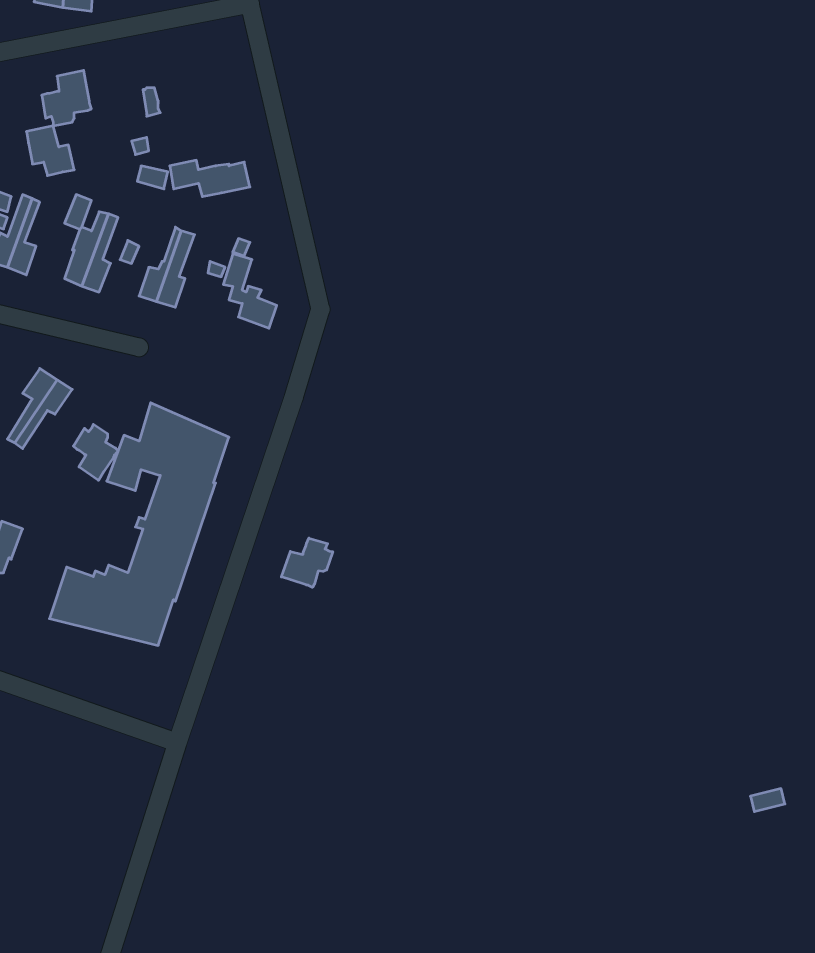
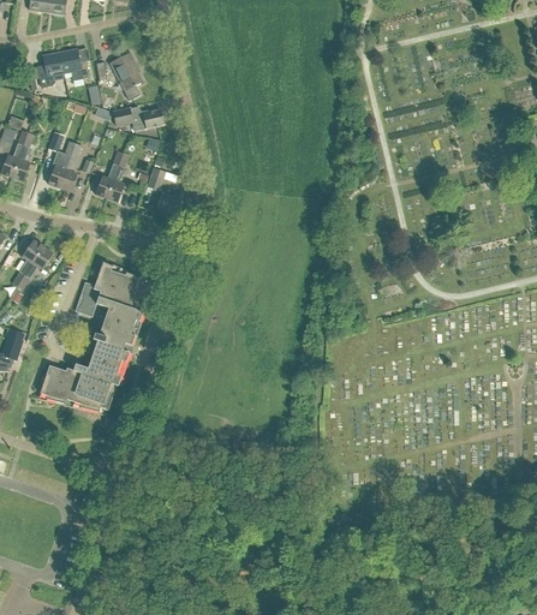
building: none -> [111,52,143,100]
building: [26,126,74,176] -> [60,48,90,79]
building: [73,424,118,480] -> none
building: [281,538,333,587] -> none

